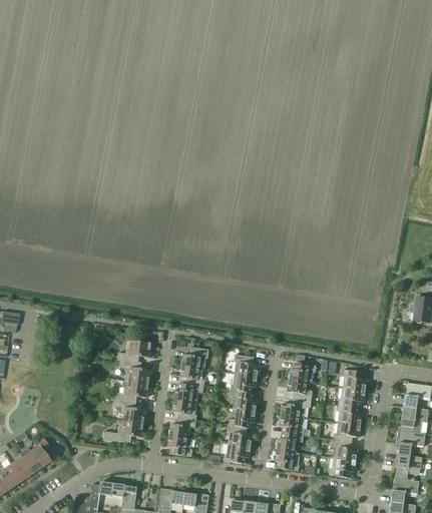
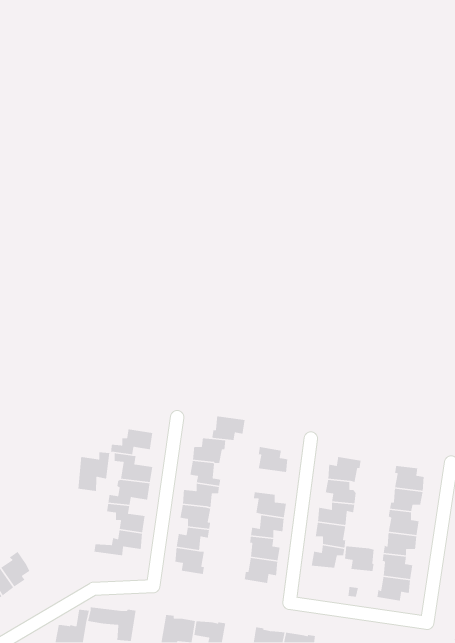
building: none -> [77,451,110,492]
building: [231,373,258,393] -> [212,416,246,441]
building: [276,450,300,471] -> [344,545,375,572]

